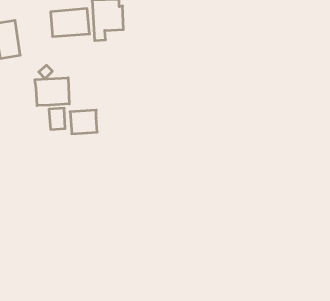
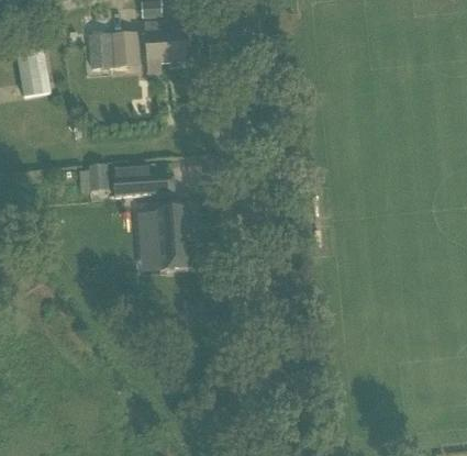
building: [35,78,69,106] -> none
building: none -> [137,205,197,269]

